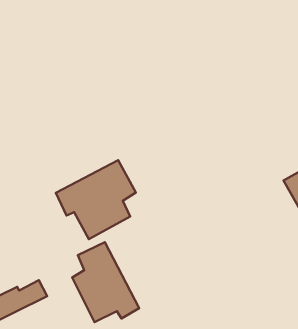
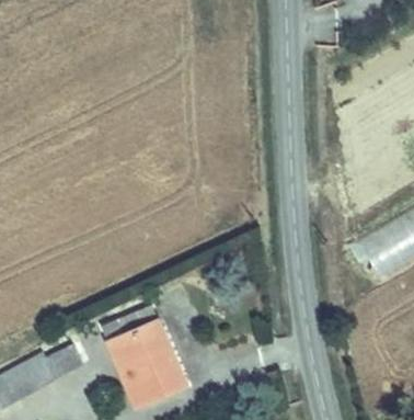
building: [56,160,136,239] -> none

